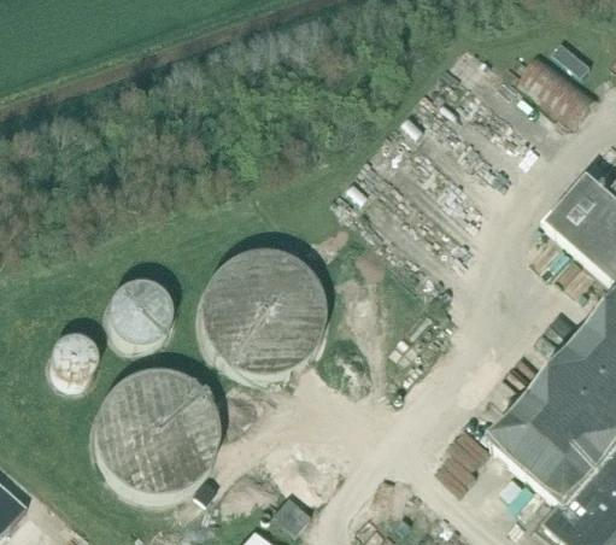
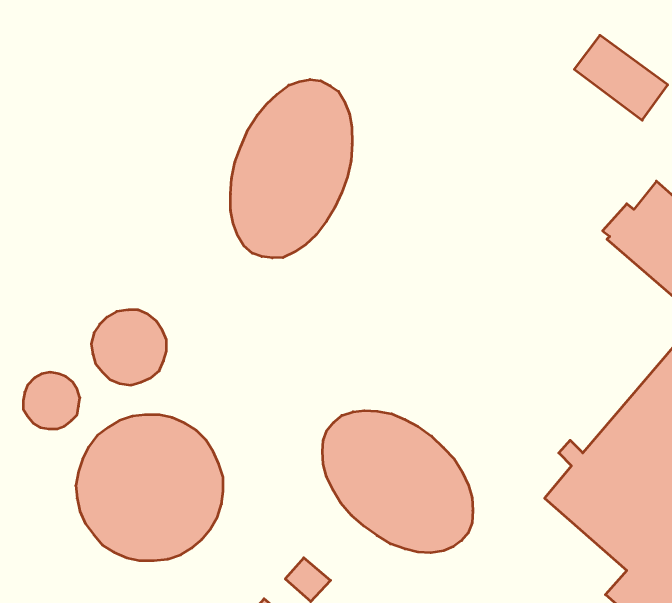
building: none -> [231,79,352,258]
building: [200,252,325,376] -> none
building: none -> [322,411,473,553]

